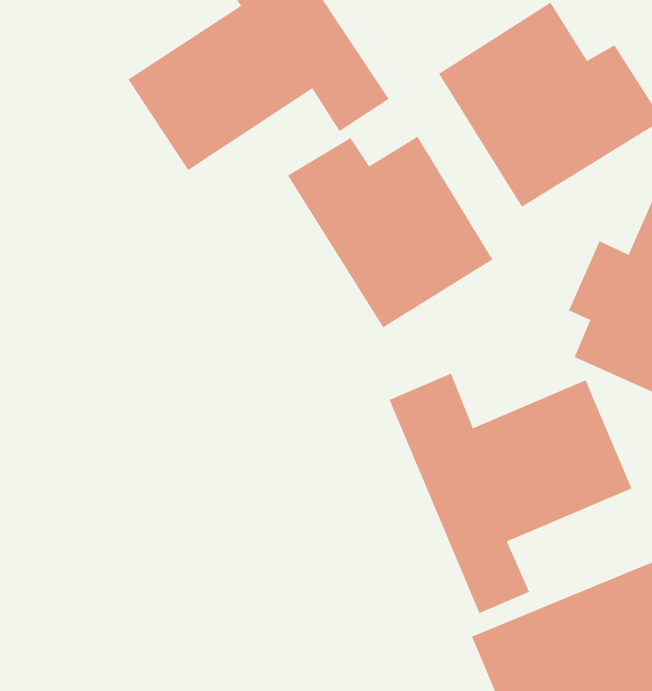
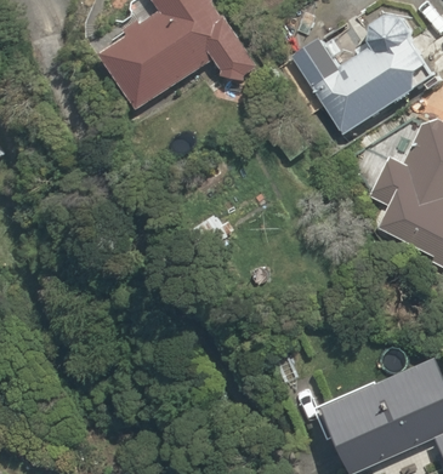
building: [287,136,493,328] -> none
building: [389,373,632,614] -> none

